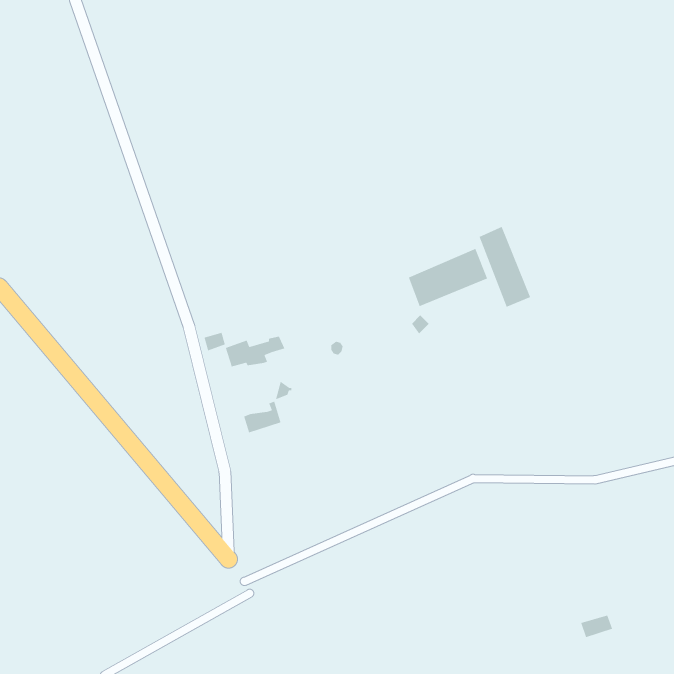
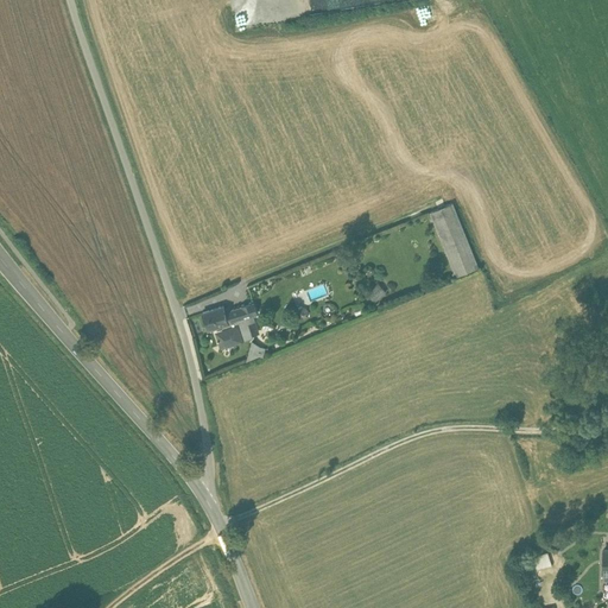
building: [408,248,488,307] -> none
building: [243,400,281,433] -> [216,318,251,348]

